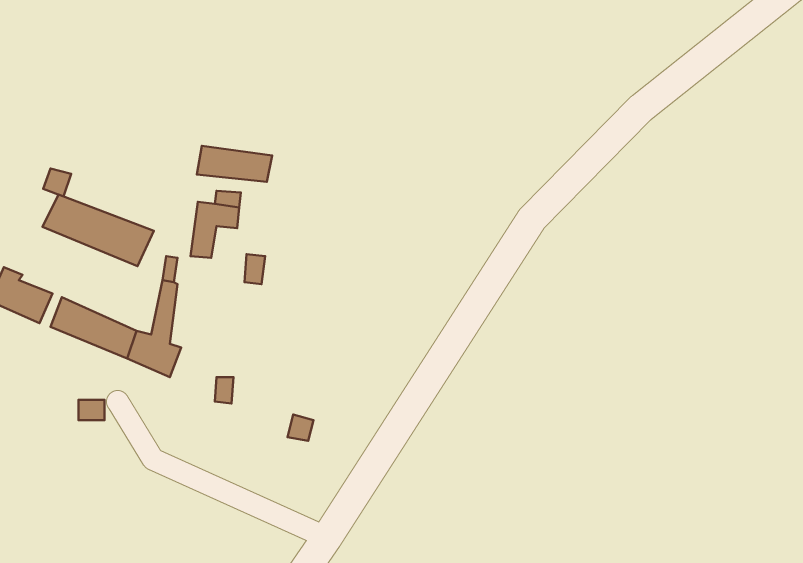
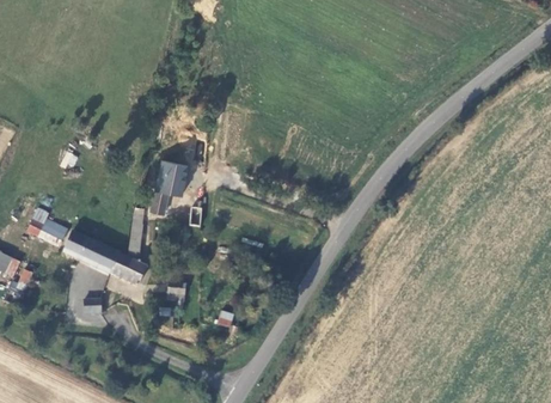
building: [197,146,272,182] -> none
building: [42,195,154,266] -> none

